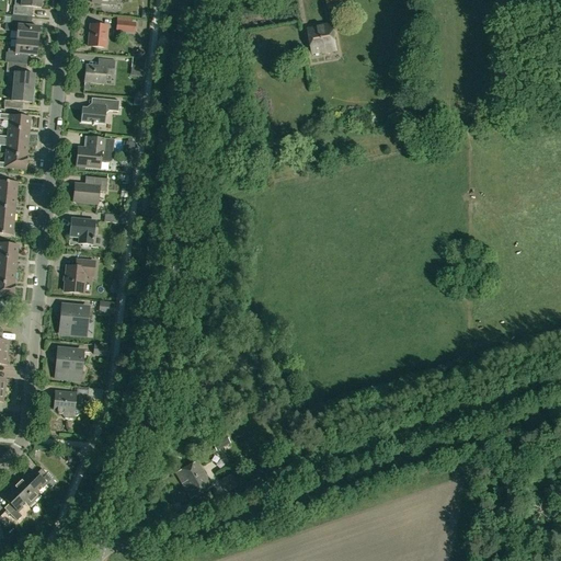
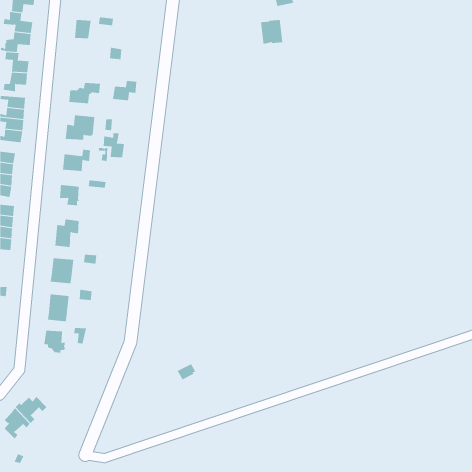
building: [84,58,114,82] -> [112,80,137,101]
building: none -> [103,132,124,158]
building: [174,459,210,496] -> none

